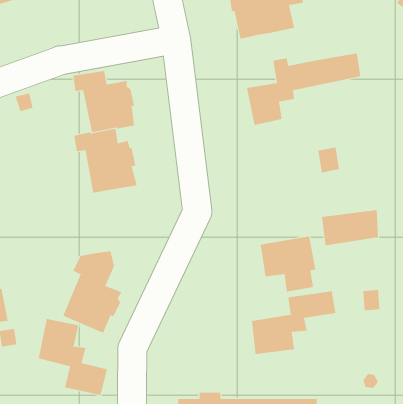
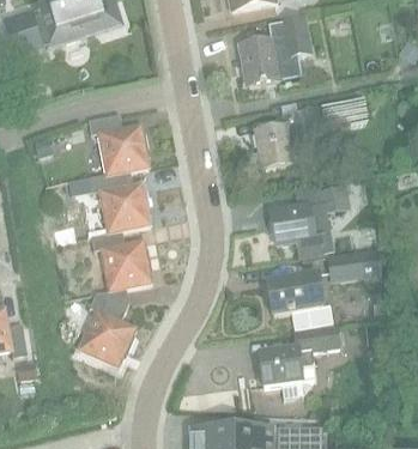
building: none -> [269,202,325,255]
building: none -> [90,229,150,289]
building: [38,318,107,396] -> none

